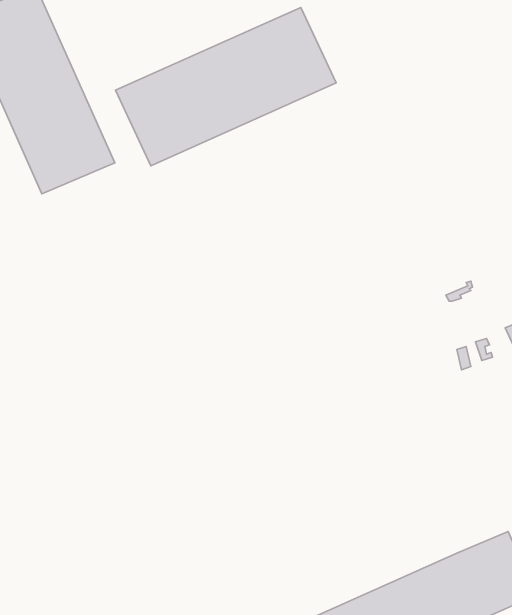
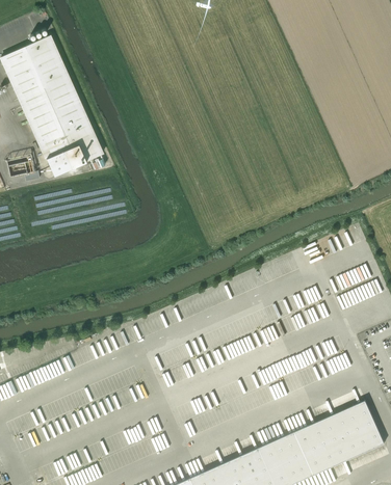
building: [116,7,336,166] -> none

